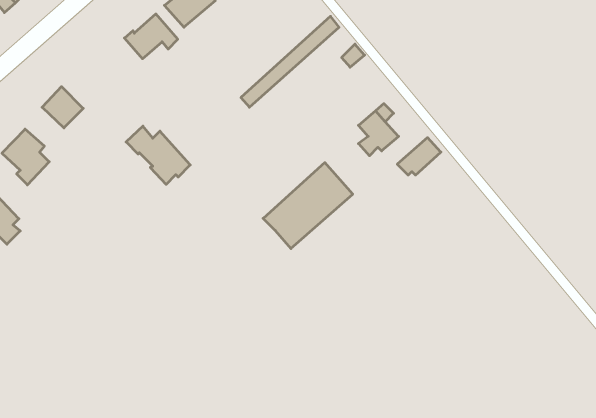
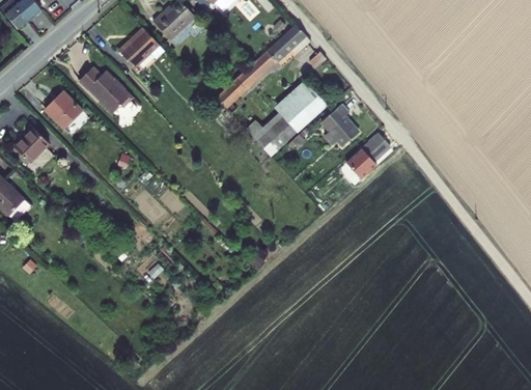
building: [126,126,190,184] -> [78,64,133,114]
building: [263,163,353,249] -> [246,83,323,157]

